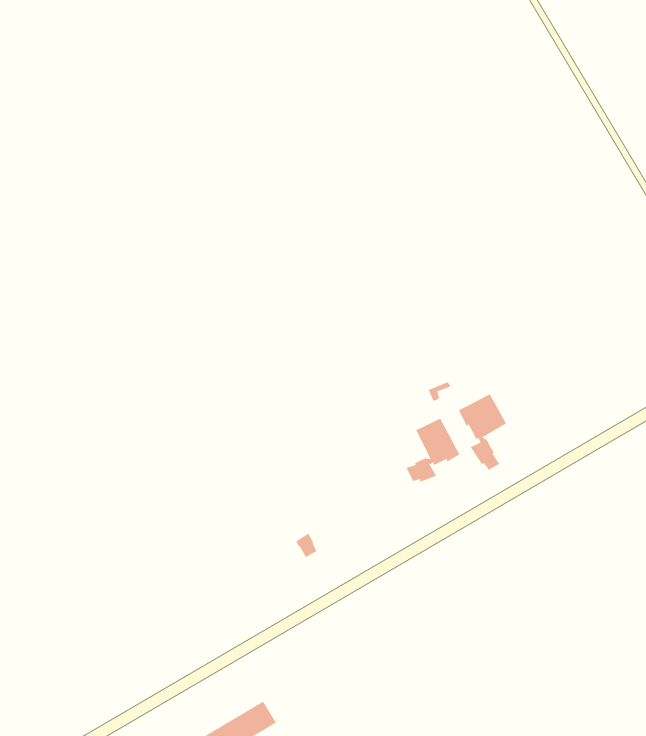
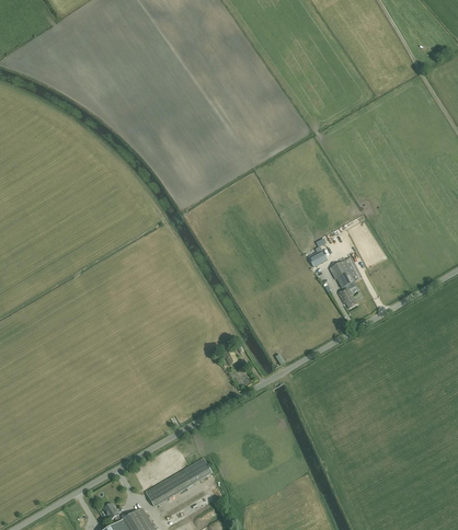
building: [406,418,460,483] -> none

